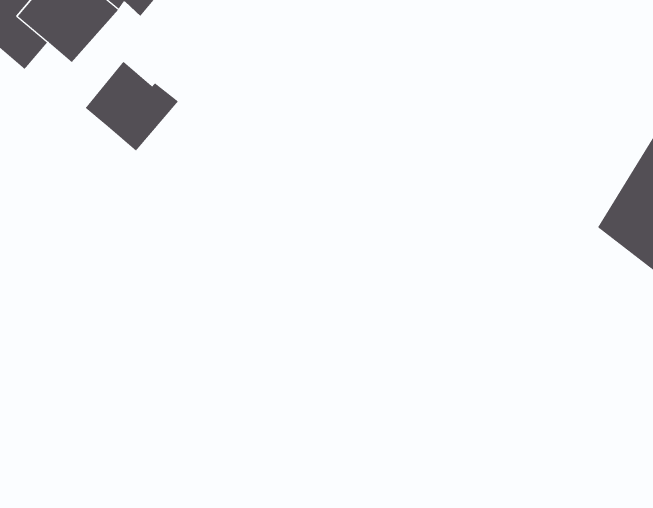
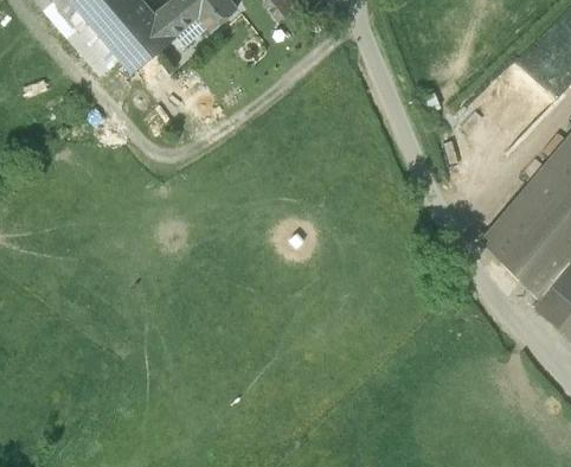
building: [85,61,179,152] -> none

